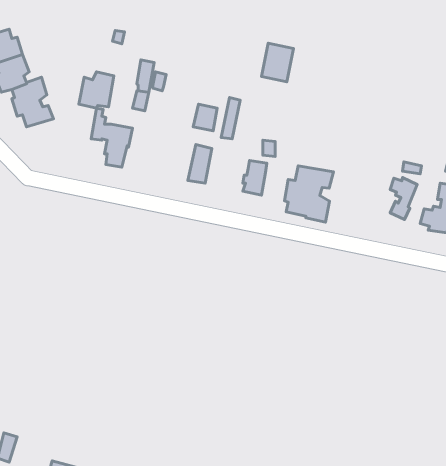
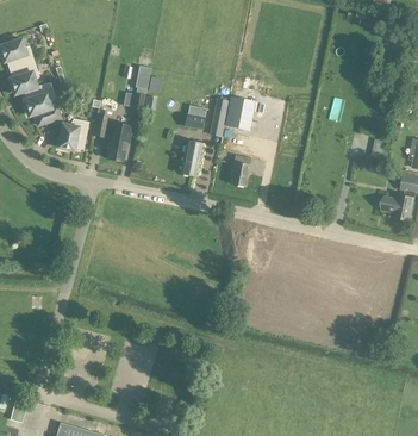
building: [261,43,294,82] -> [225,95,254,130]
building: [79,72,114,108] -> [57,117,88,149]
building: [284,166,334,222] -> none
building: [390,178,417,219] -> none

